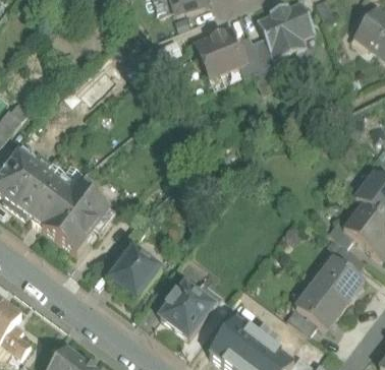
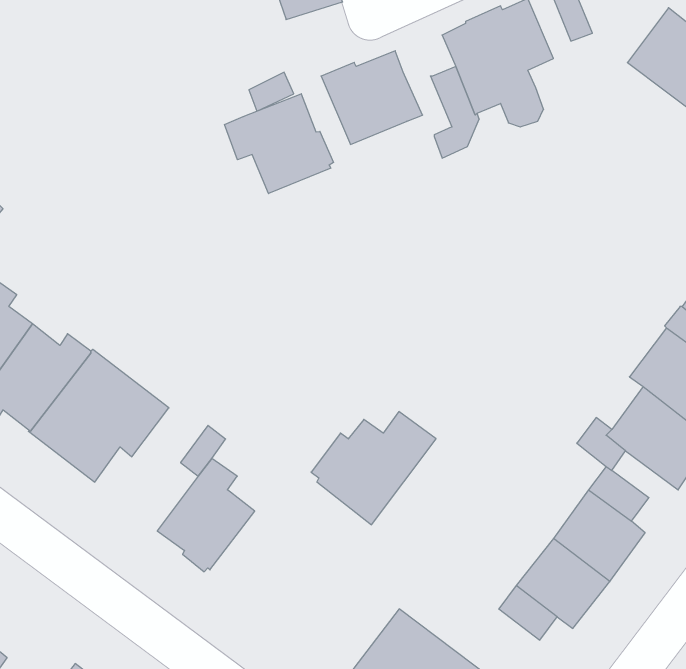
building: [236,34,262,75] -> none
building: none -> [225,94,333,194]
building: [156,279,221,337] -> [311,412,436,525]

